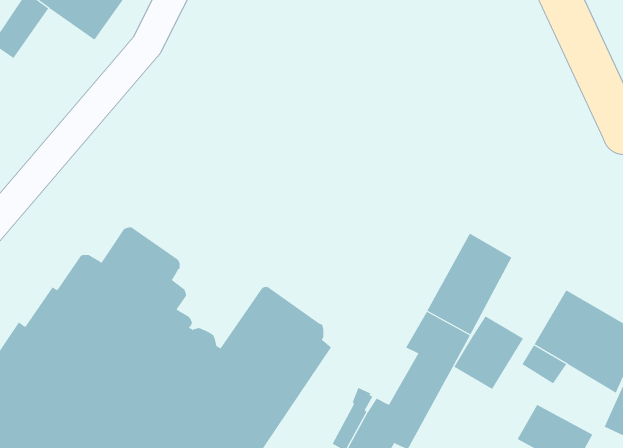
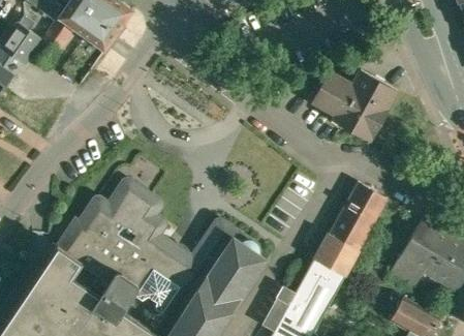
building: none -> [311,70,396,142]
building: [454,315,524,390] -> none

